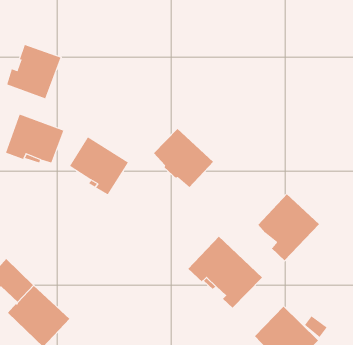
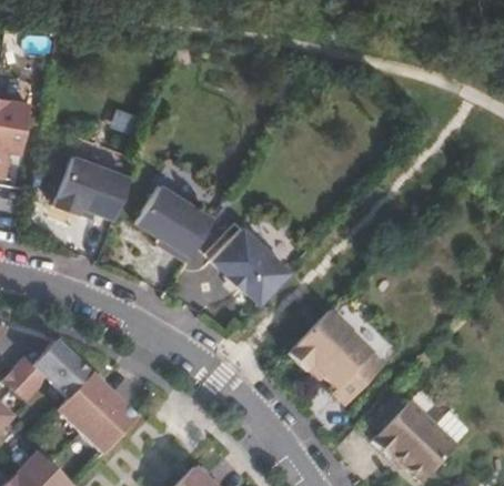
building: [6,44,61,99] -> none
building: [153,128,214,188] -> [212,226,290,303]
building: [257,193,320,261] -> none

